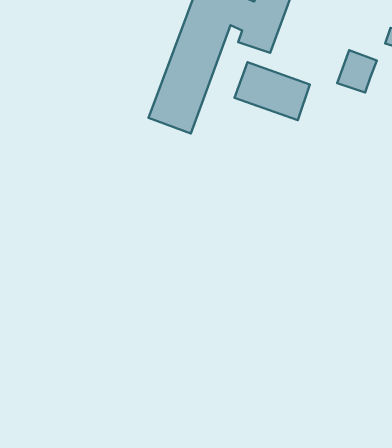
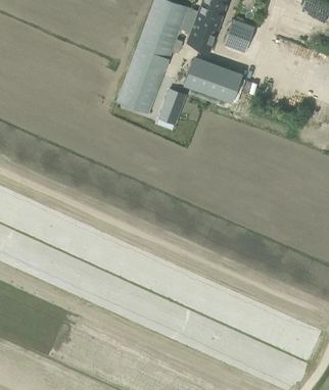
building: [337,50,377,92] -> [224,19,254,52]
building: none -> [161,90,185,119]

